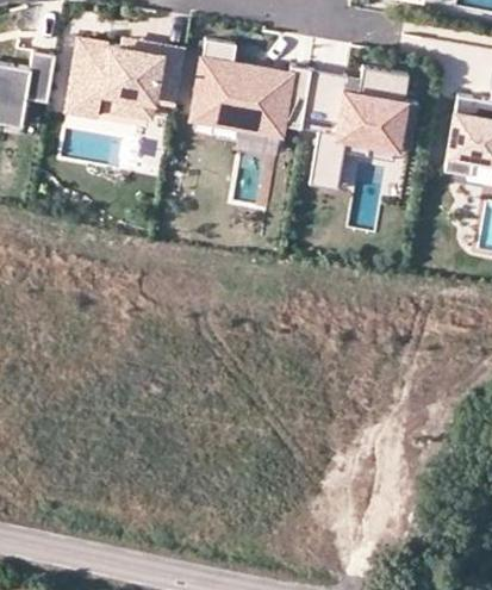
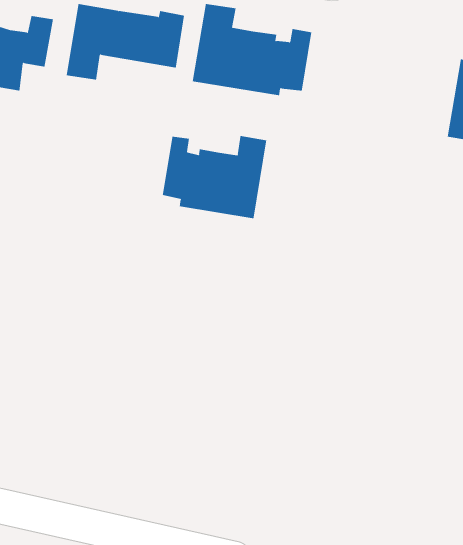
building: [300,67,416,191] -> none
building: none -> [162,135,267,219]

